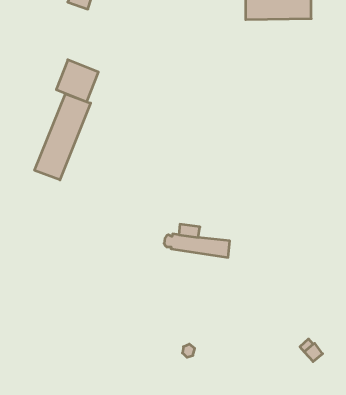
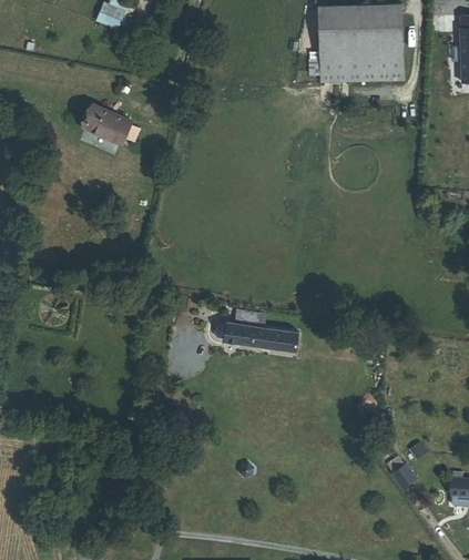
building: none -> [308,49,402,81]
building: [35,94,91,180] -> none

